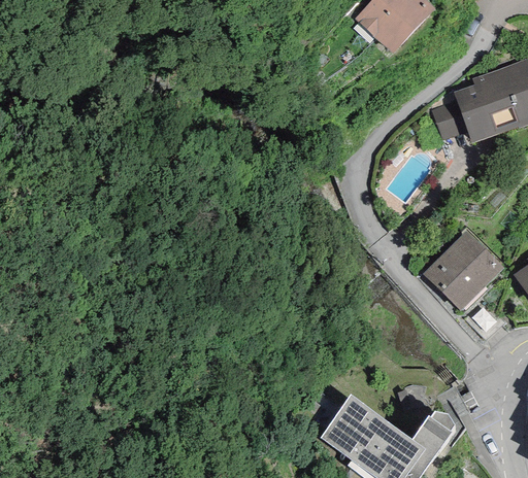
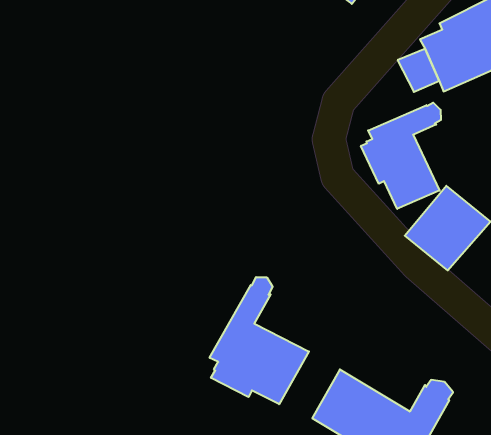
building: none -> [361,103,441,209]
building: none -> [210,277,309,404]

